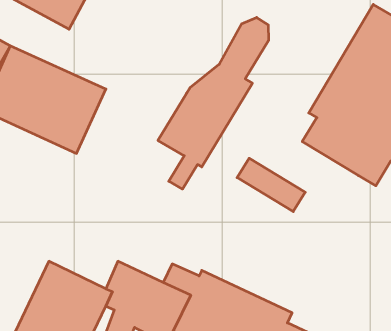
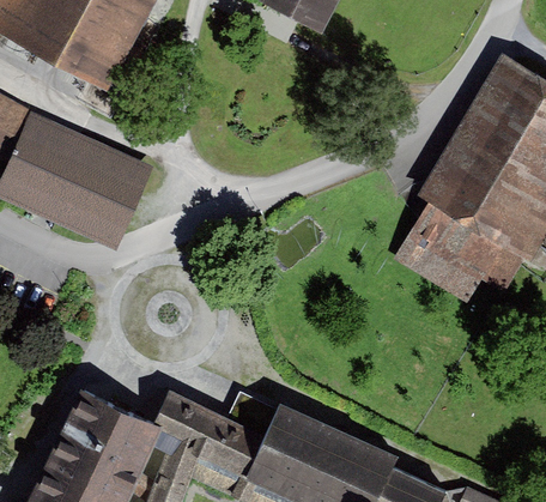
building: [158,17,269,189] -> none
building: [237,158,305,212] -> [394,234,483,303]

